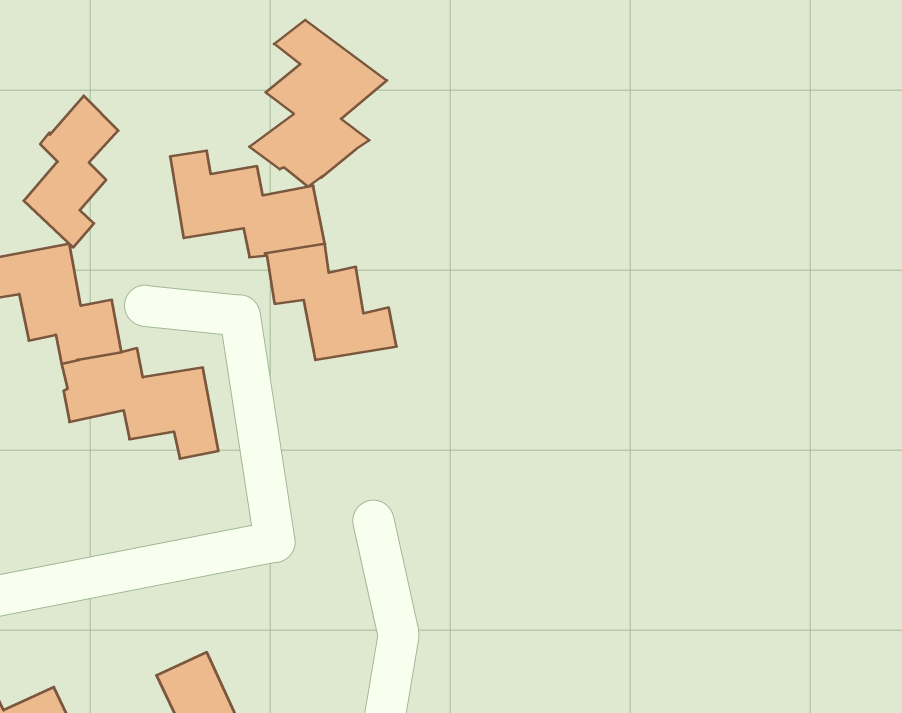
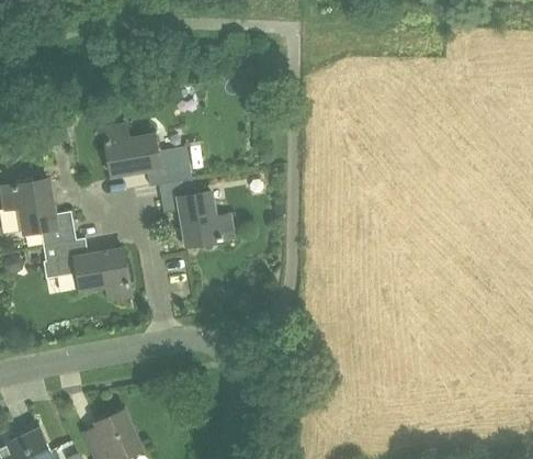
building: [249,20,387,187] -> none
building: [24,96,118,247] -> none

